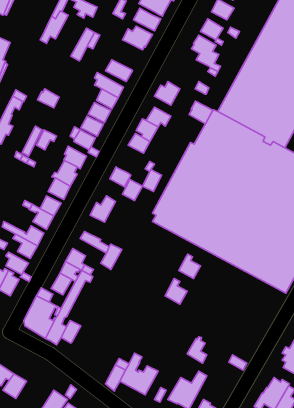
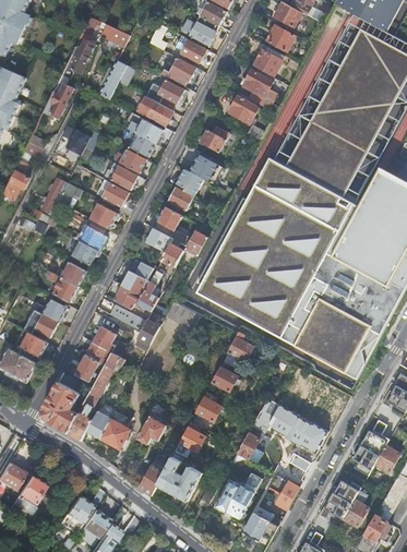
building: none -> [43,74,72,118]
building: none -> [144,79,184,110]
building: [189,101,213,124] -> [229,96,258,123]
building: none -> [154,206,182,235]
building: none -> [112,269,161,312]
building: none -> [195,391,222,421]
building: none -> [251,398,327,453]
building: none -> [99,413,130,447]
building: none -> [137,413,172,444]
building: none -> [175,421,205,455]
building: none -> [268,473,300,508]

